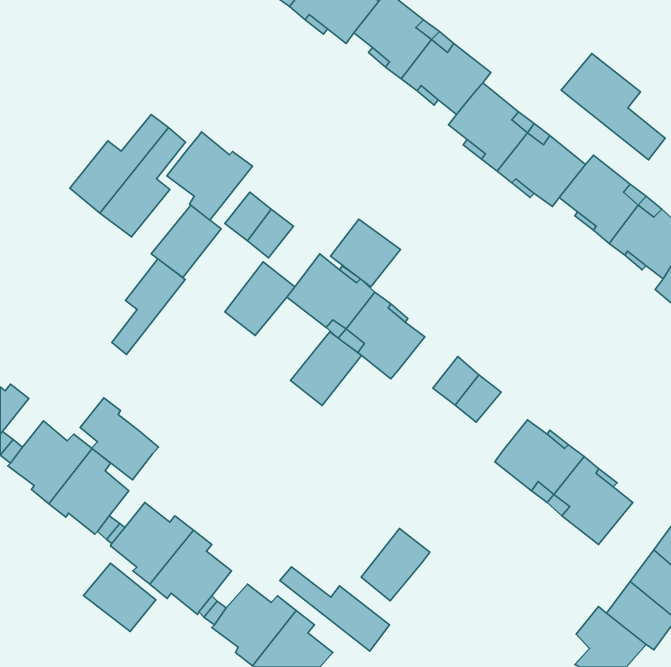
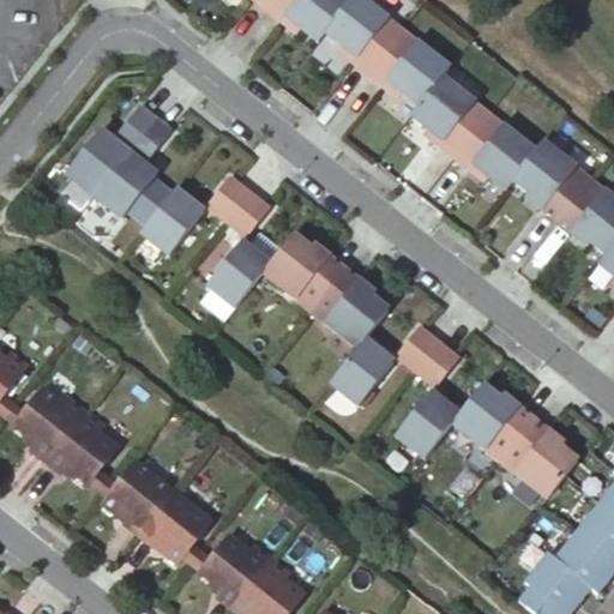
building: [561,54,665,160] -> none
building: [167,132,252,220] -> none
building: [331,219,401,287] -> none
building: [112,259,185,354] -> none
building: [290,332,362,406] -> [329,337,393,404]
building: [80,398,159,480] -> none
building: [361,529,430,601] -> [397,390,459,456]
building: [83,563,156,632] -> none
building: [280,567,389,651] -> none

